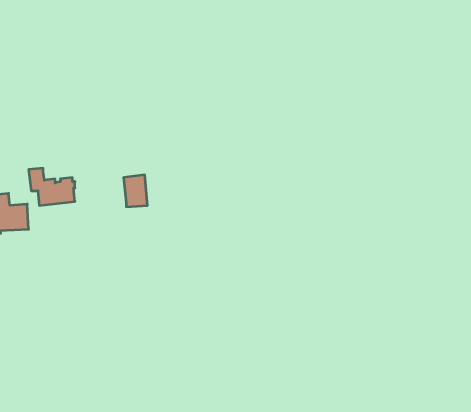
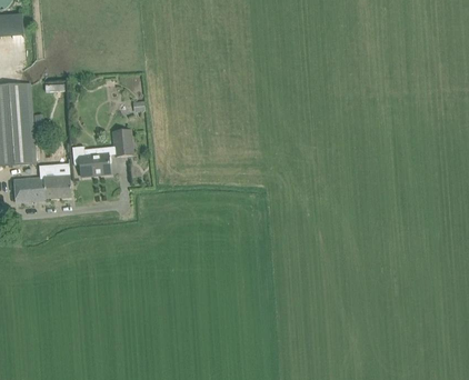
building: [124,175,147,207] -> [112,128,132,154]

